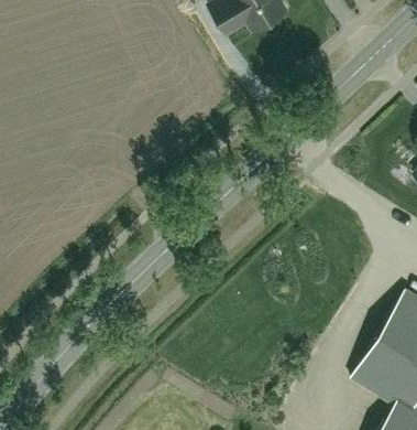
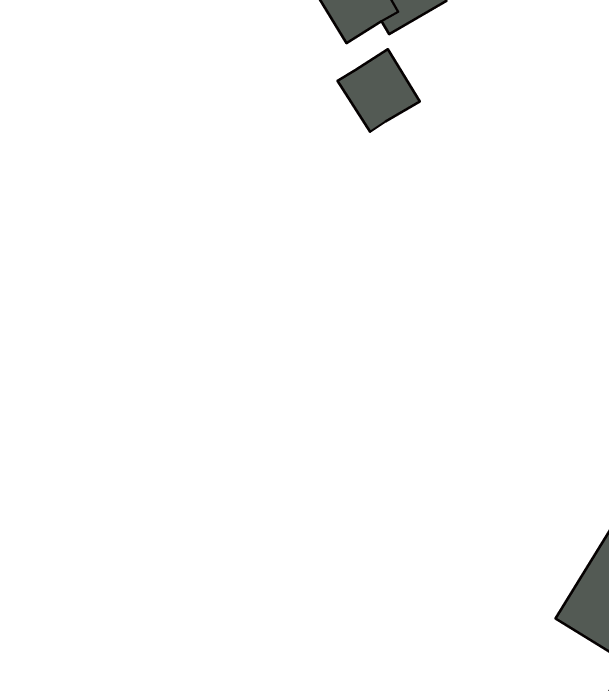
building: none -> [338,49,420,132]

